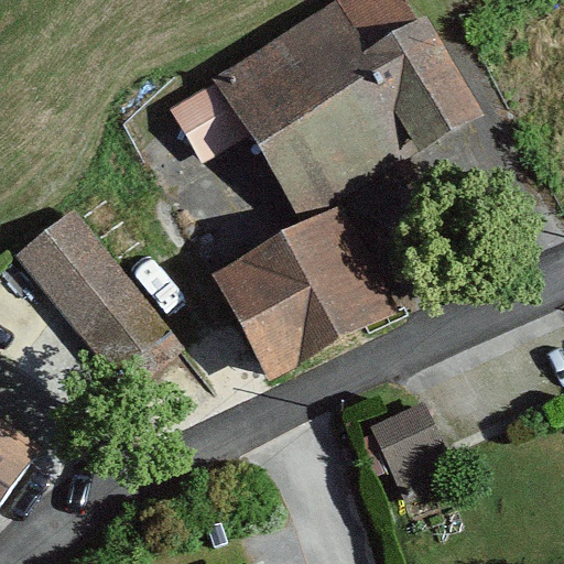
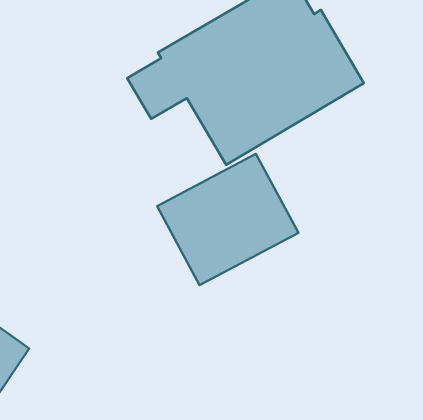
building: [23,221,184,394] -> none
building: [368,397,446,498] -> none

